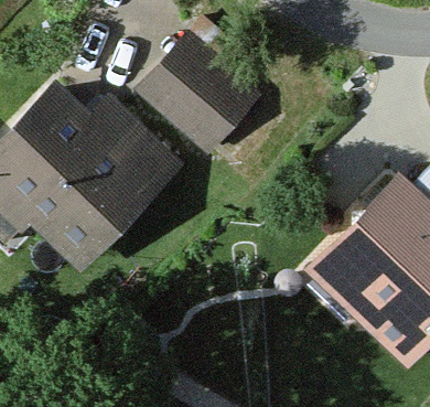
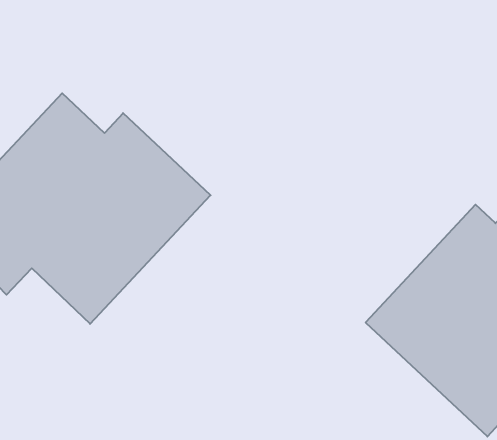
building: [139,34,261,154] -> none

